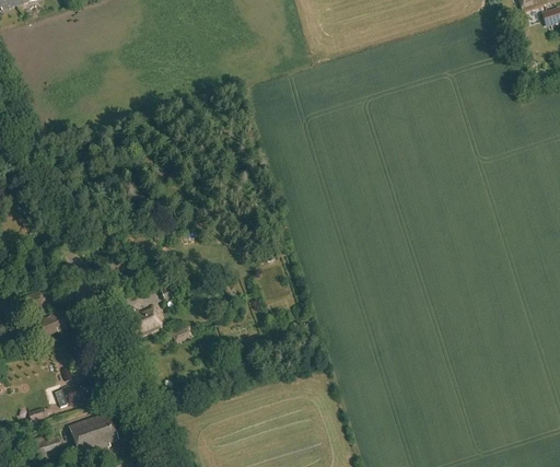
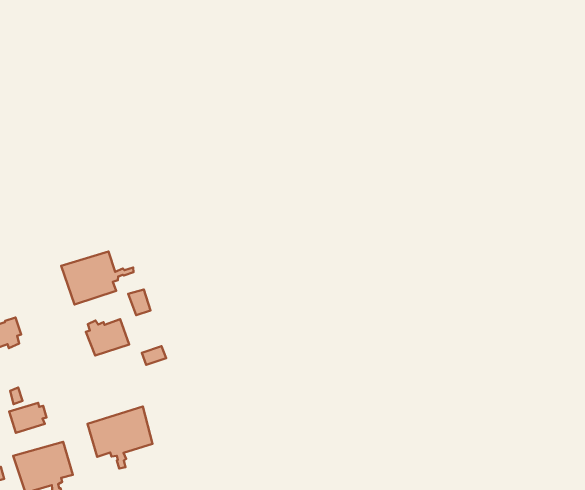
building: none -> [61,252,134,304]
building: none -> [87,407,153,468]

